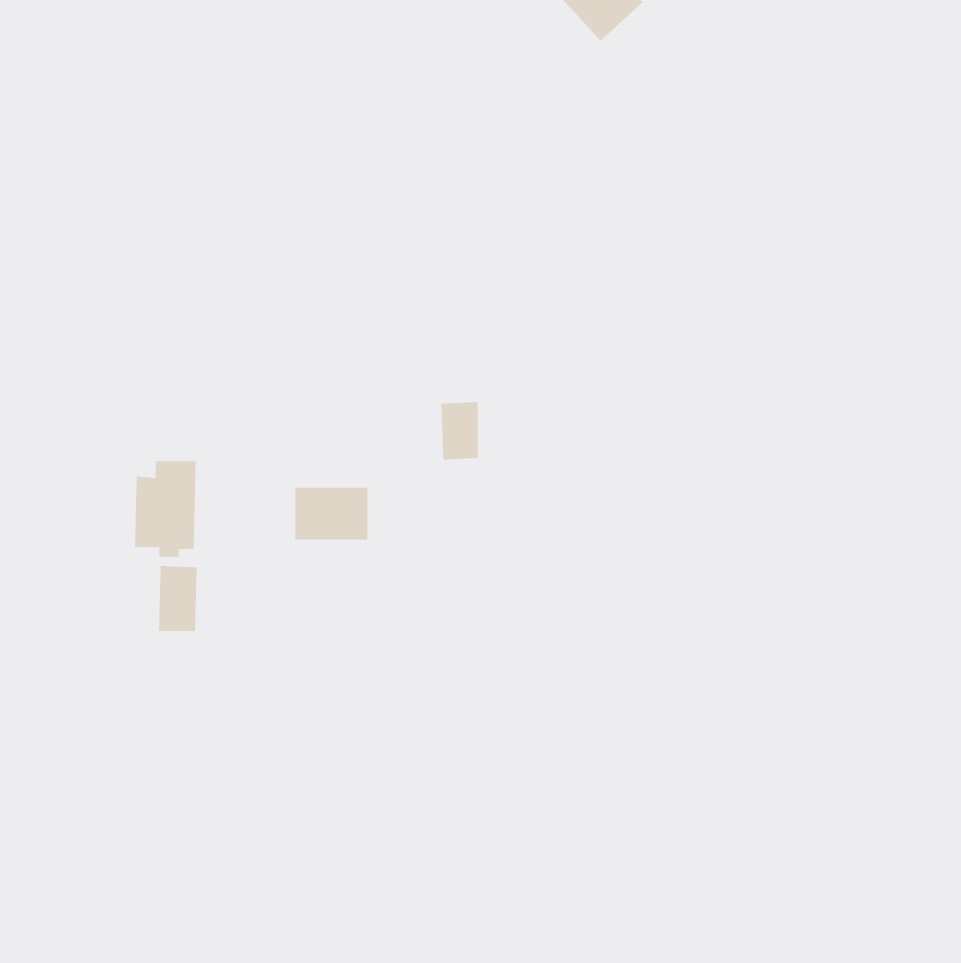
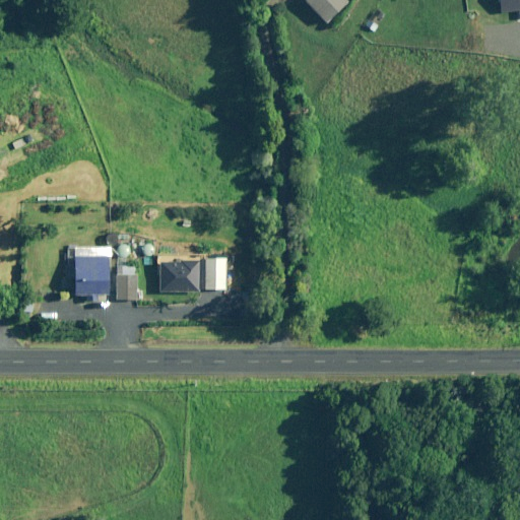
building: [441,401,478,460] -> [205,258,225,289]
building: [158,565,198,631] -> [117,264,138,300]

